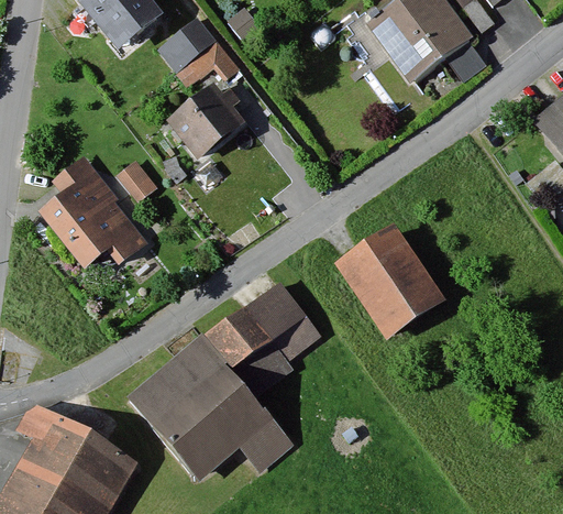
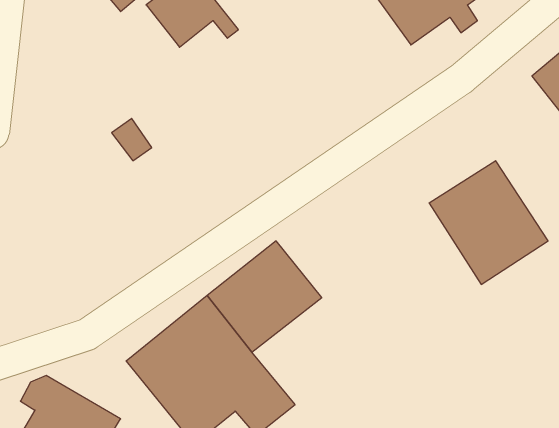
building: [168,83,245,158] -> none
building: [41,152,151,269] -> none
building: [333,221,451,343] -> [429,161,548,284]

